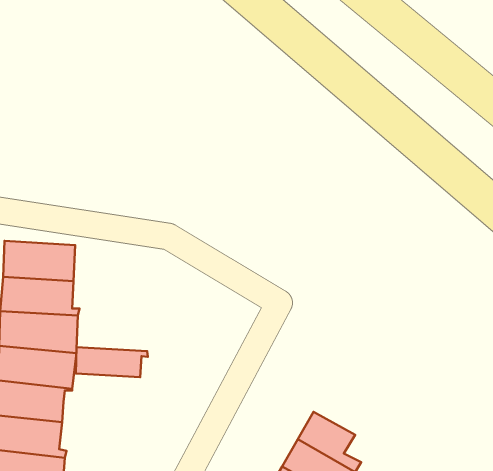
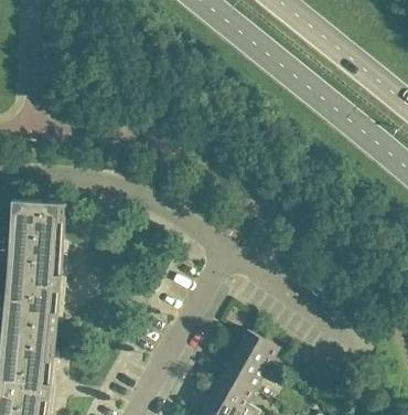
building: [76,347,148,377] -> none

